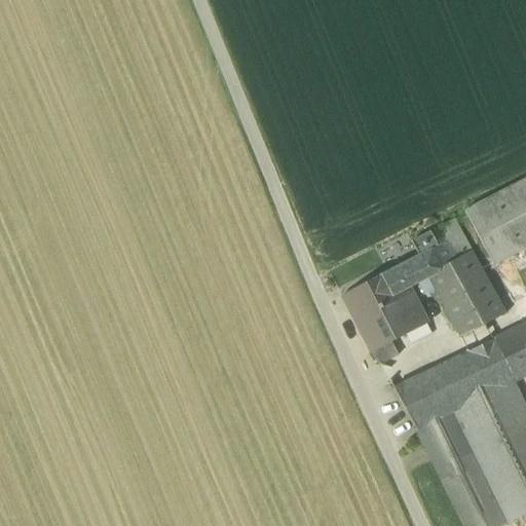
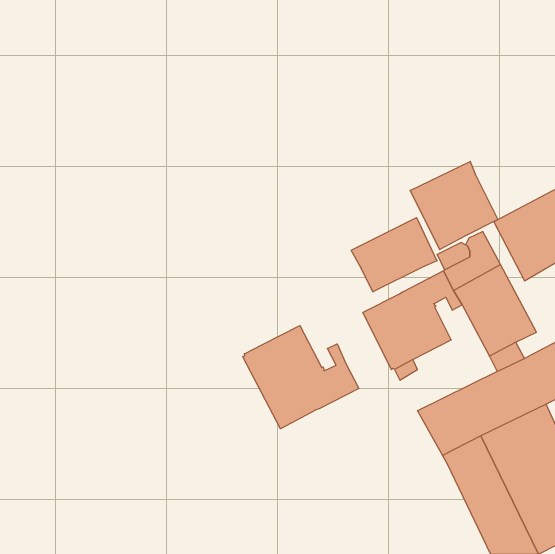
building: none -> [410,161,498,250]
building: none -> [351,218,437,292]
building: none -> [243,326,359,429]

